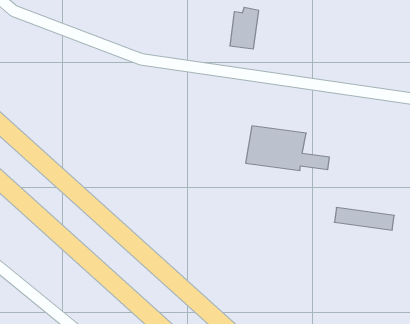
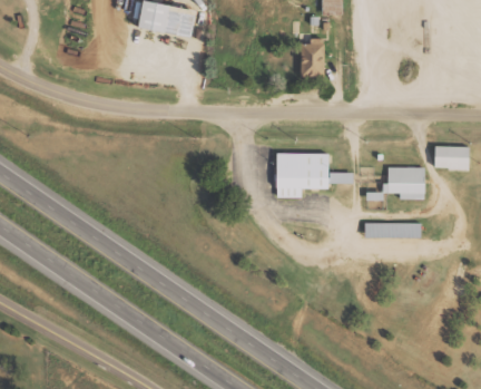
building: [230,7,259,49] -> [303,38,326,77]
building: none -> [382,167,423,200]

